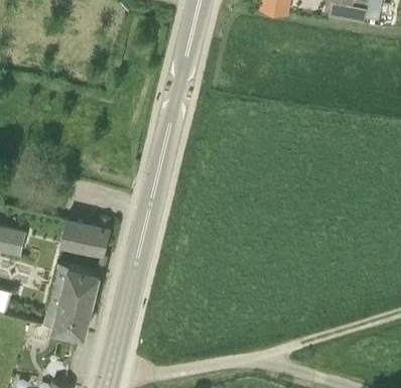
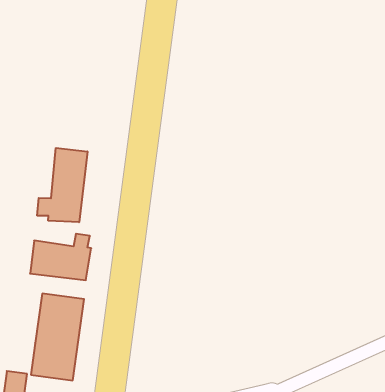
building: none -> [37,148,87,222]

